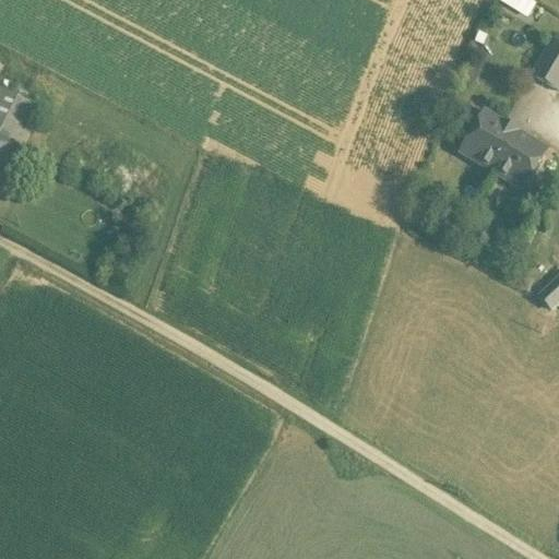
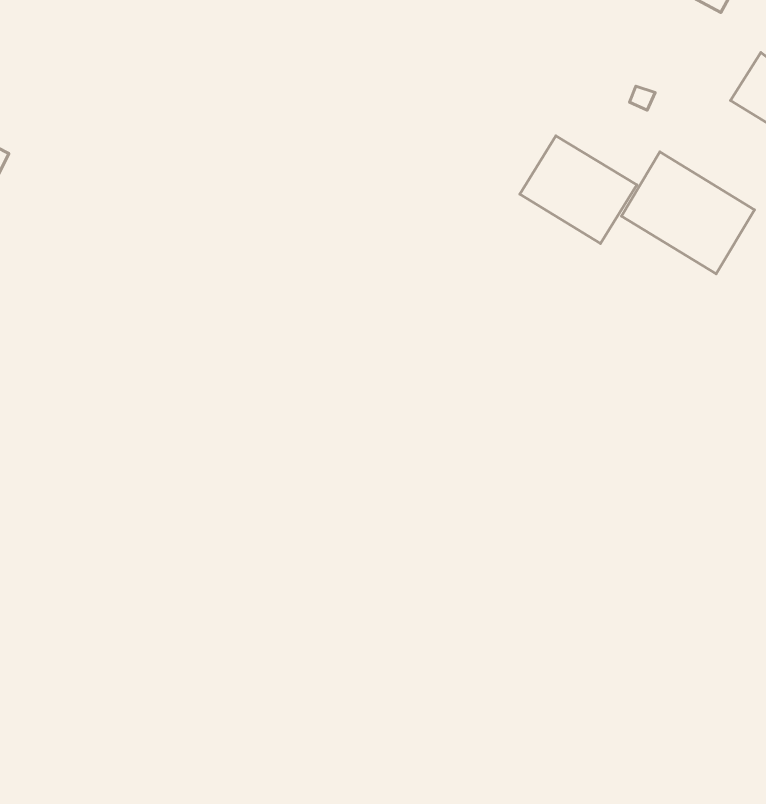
building: none -> [520,136,637,243]

